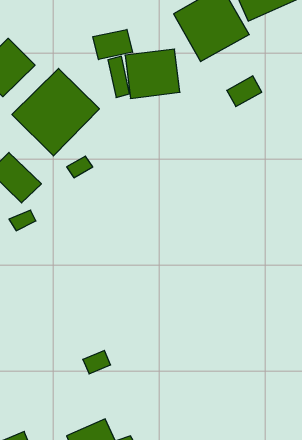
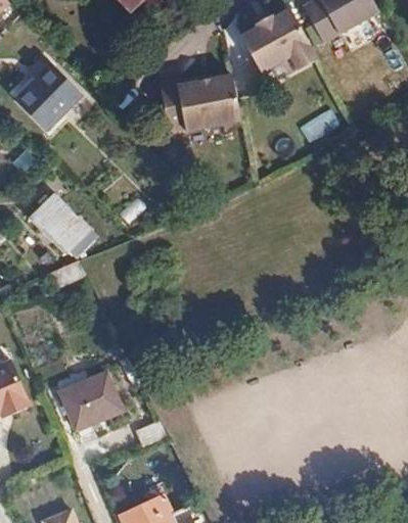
building: [93,29,133,60] -> none
building: [12,68,99,156] -> none
building: none -> [56,370,121,430]

